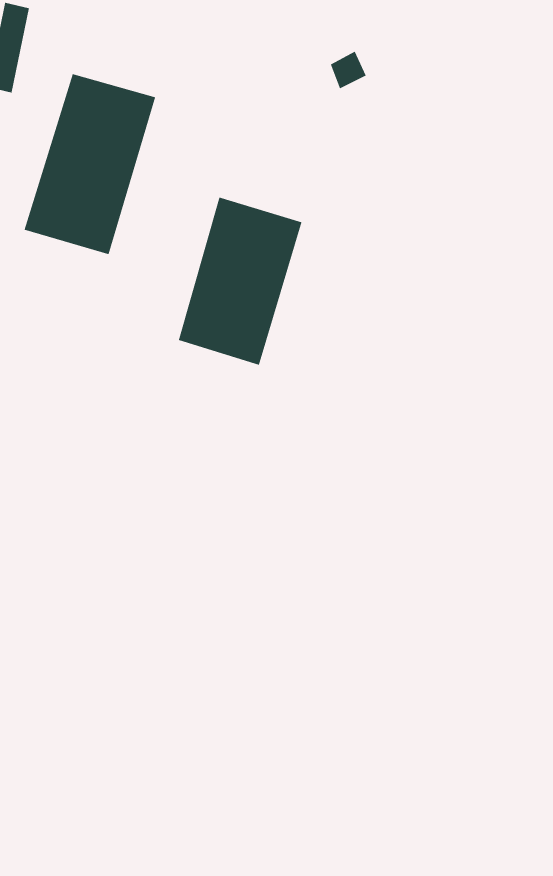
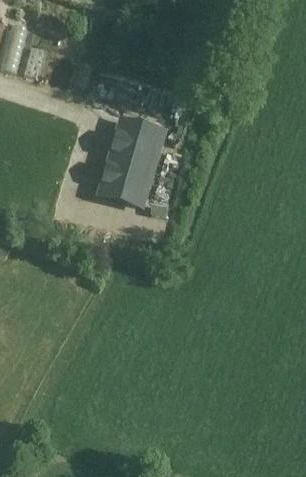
building: [23,73,156,255] -> none

